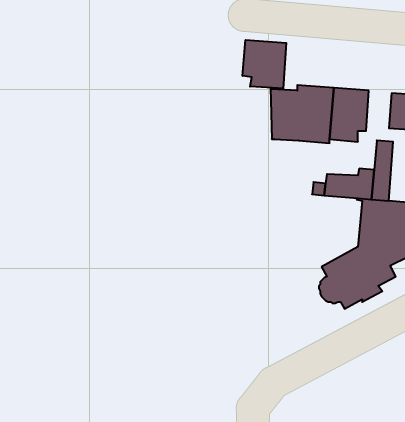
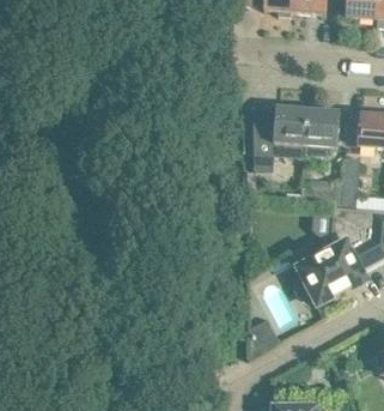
building: [243,40,286,88] -> none

